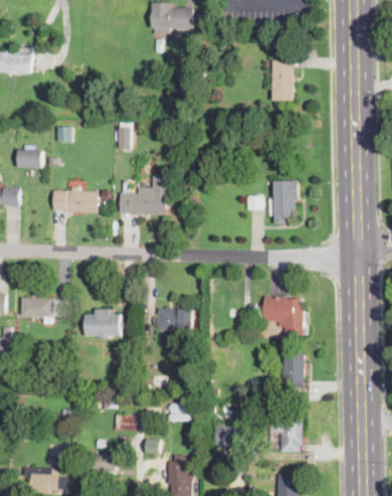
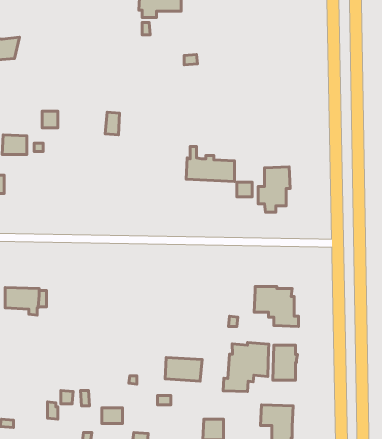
building: [271,60,292,101] -> none
building: [119,180,166,214] -> [186,146,235,181]
building: [53,186,97,212] -> none
building: [157,307,193,330] -> [165,357,202,381]
building: [84,308,119,335] -> none
building: none -> [223,343,269,392]

